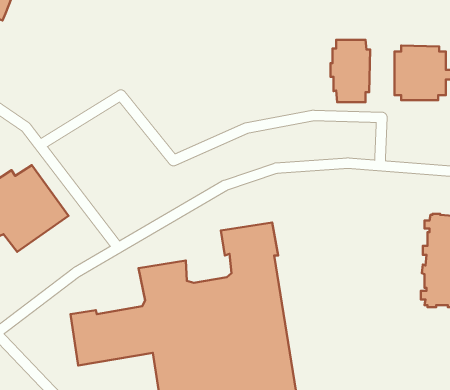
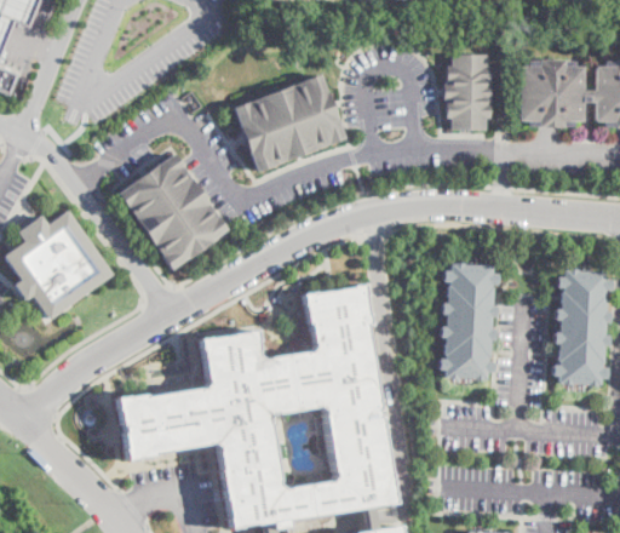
building: none -> [236,73,350,173]
building: none -> [115,153,225,269]
building: none -> [440,264,499,382]

